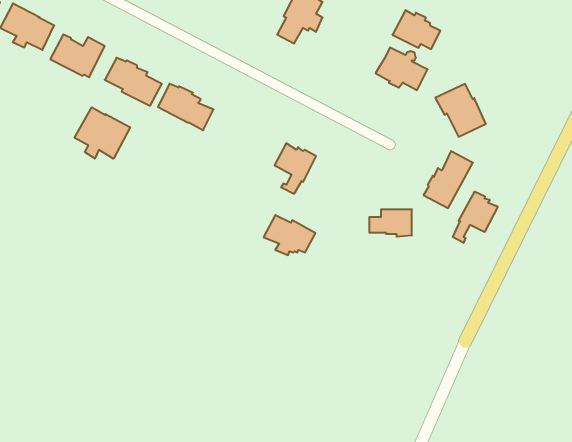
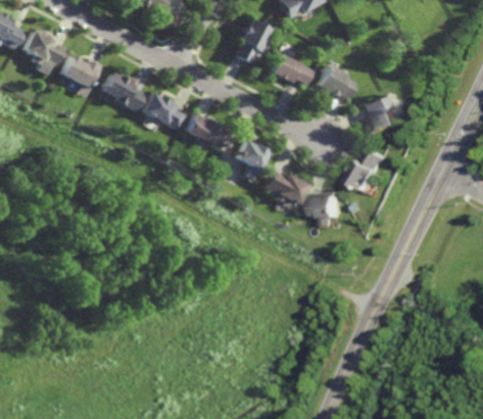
building: [392,10,440,49] -> [273,53,310,84]
building: [75,107,130,159] -> none
building: none -> [188,113,232,152]
building: [453,192,498,243] -> none
building: [264,215,315,255] -> [263,171,304,202]

